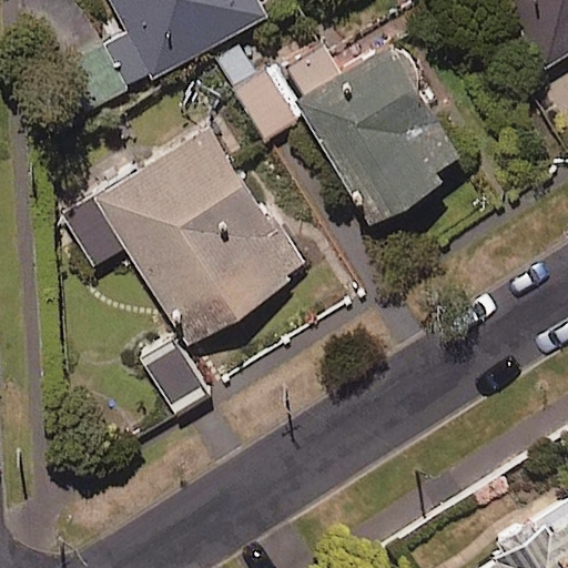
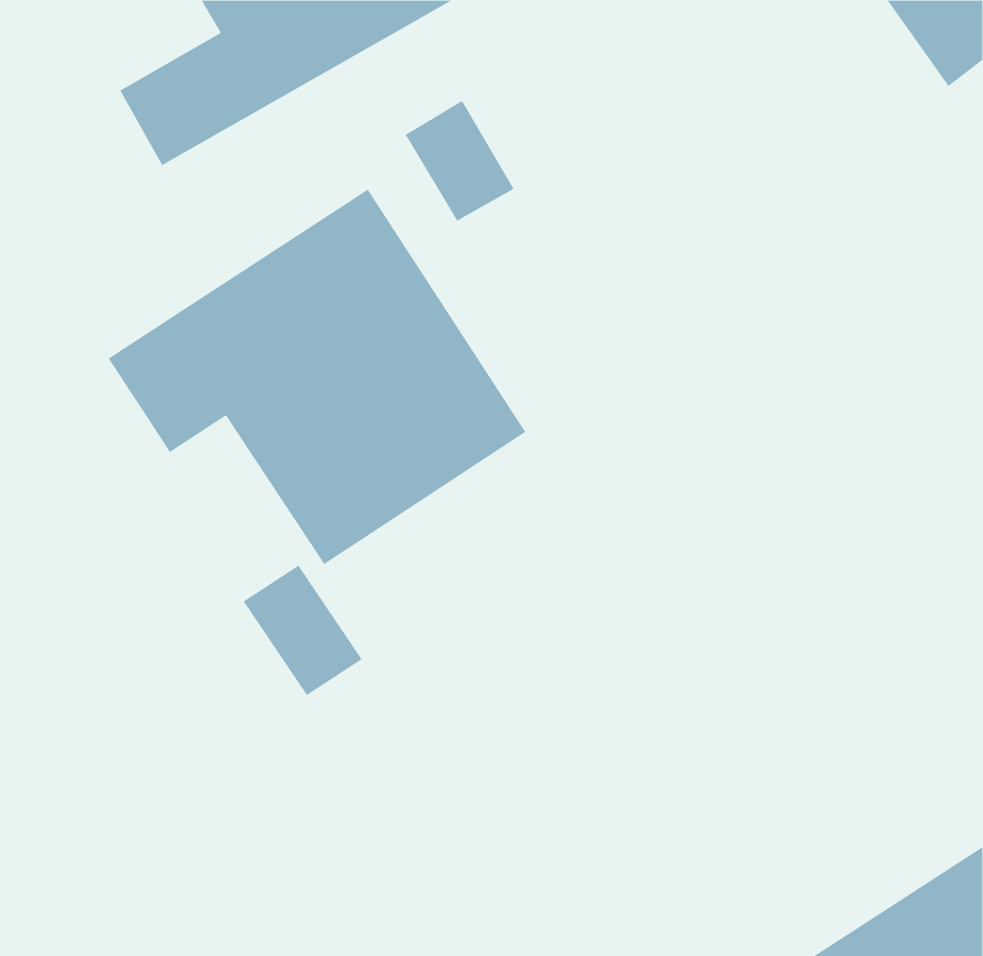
building: [285,30,465,206] -> none

